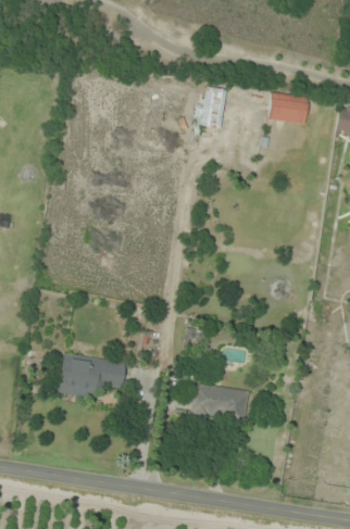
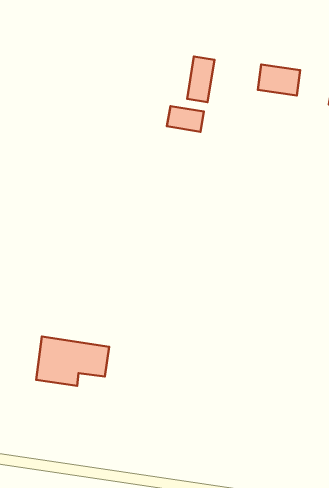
building: none -> [167,106,204,132]
building: [190,383,249,424] -> none

